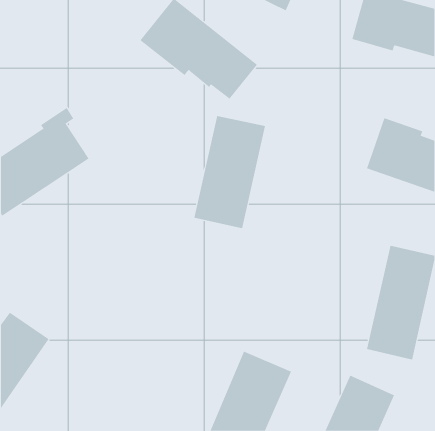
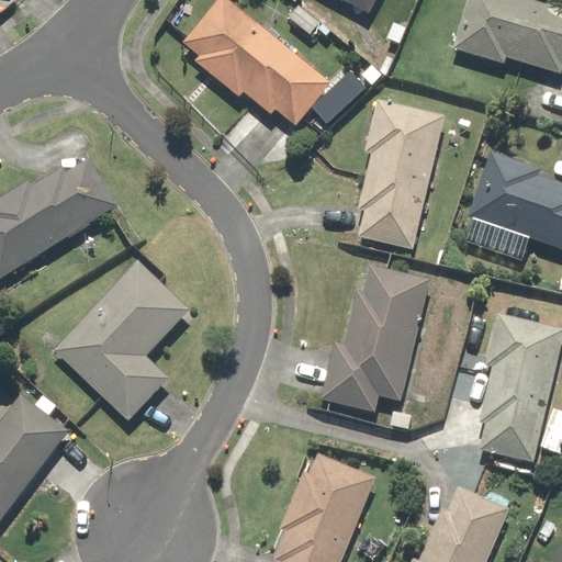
building: [193,116,266,229] -> [350,105,443,251]
building: none -> [58,263,190,419]
building: none -> [324,266,429,409]

